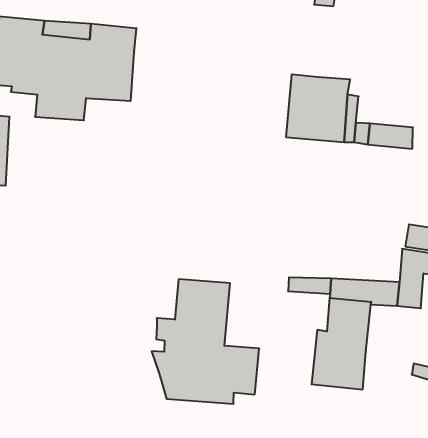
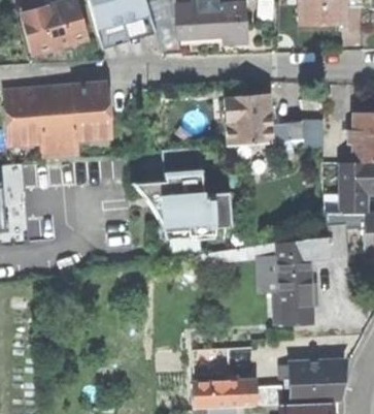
building: [152,279,259,404] -> [150,148,231,240]

